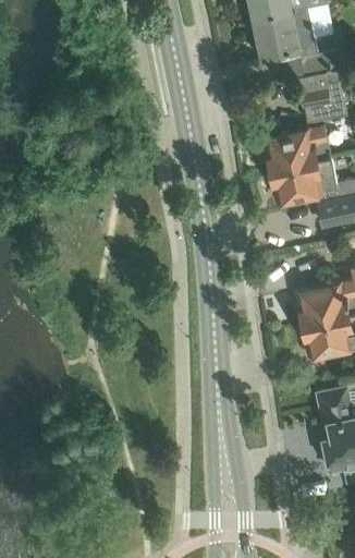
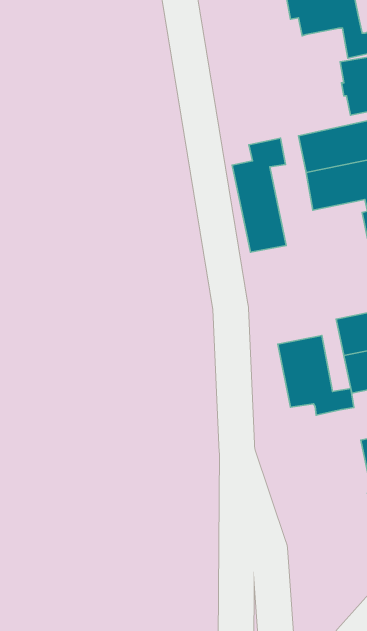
building: none -> [232,138,286,252]
building: none -> [278,336,354,415]

